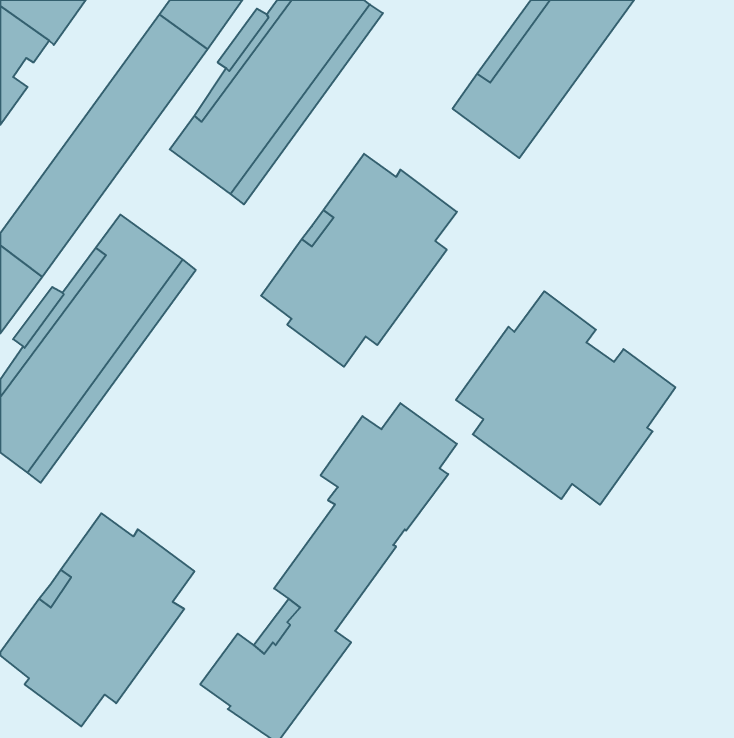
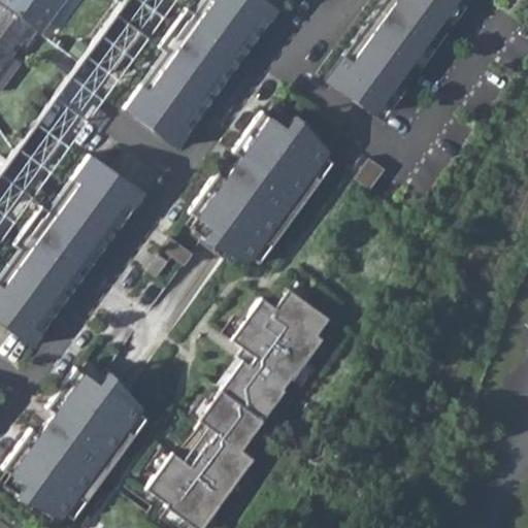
building: [456,291,675,505] -> none

